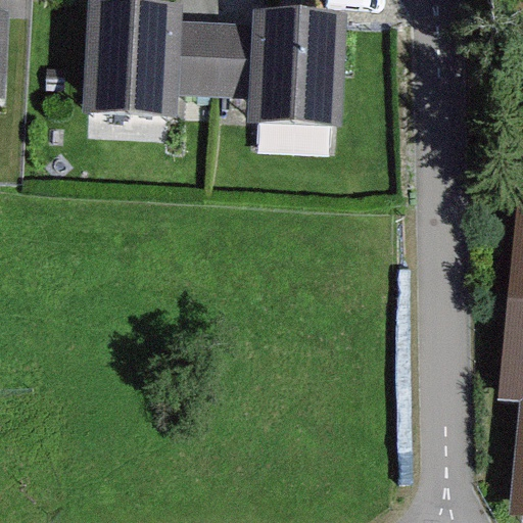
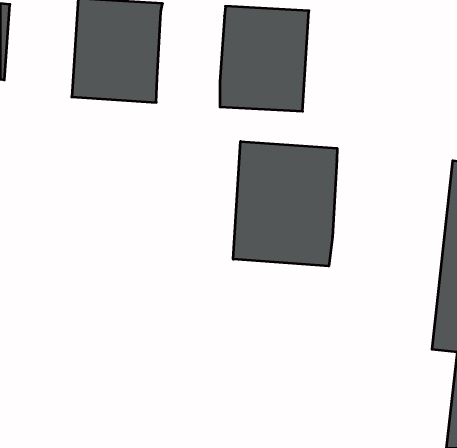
building: [181,13,257,93] -> none
building: none -> [233,141,337,266]

